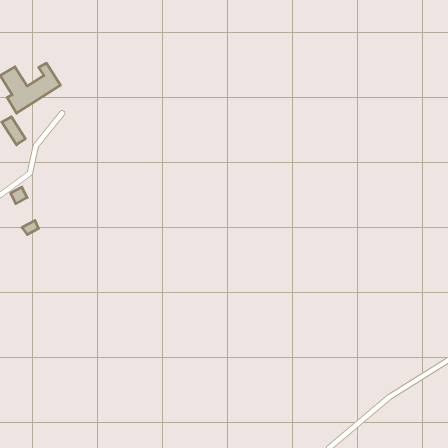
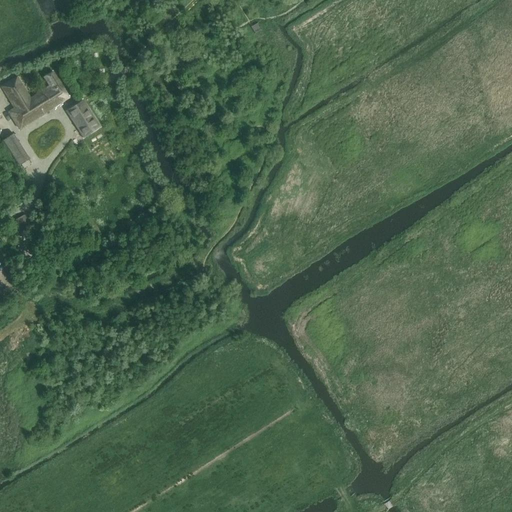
building: none -> [66,100,99,136]

